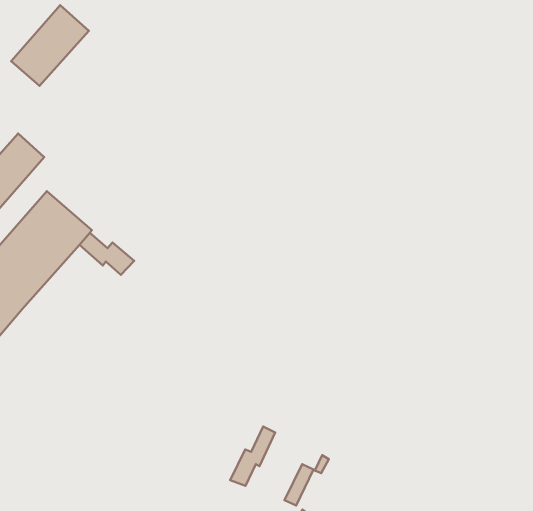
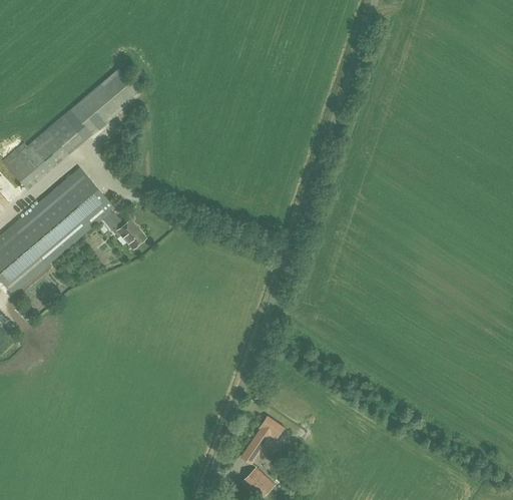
building: [11,5,89,86] -> [68,68,137,133]
building: [230,426,275,486] -> none

